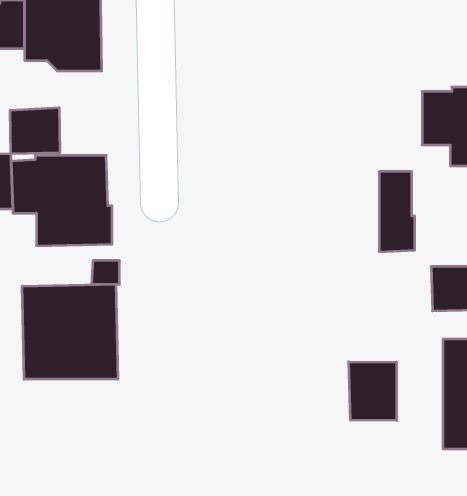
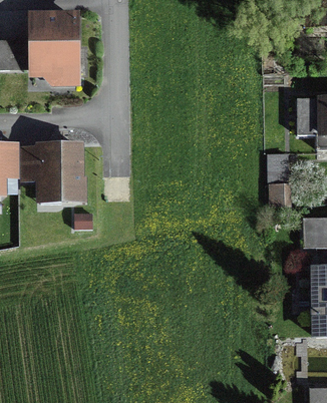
building: [10,108,60,154] -> none
building: [22,284,118,379] -> none
building: [349,362,397,421] -> none

